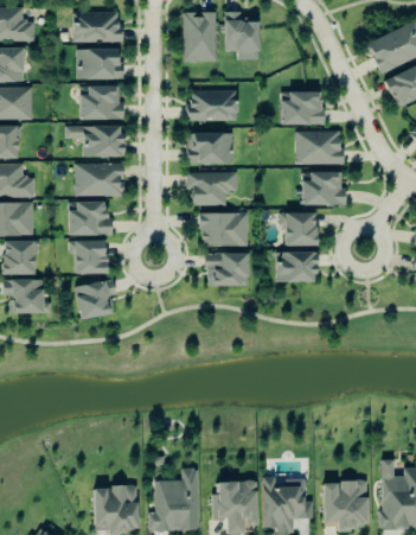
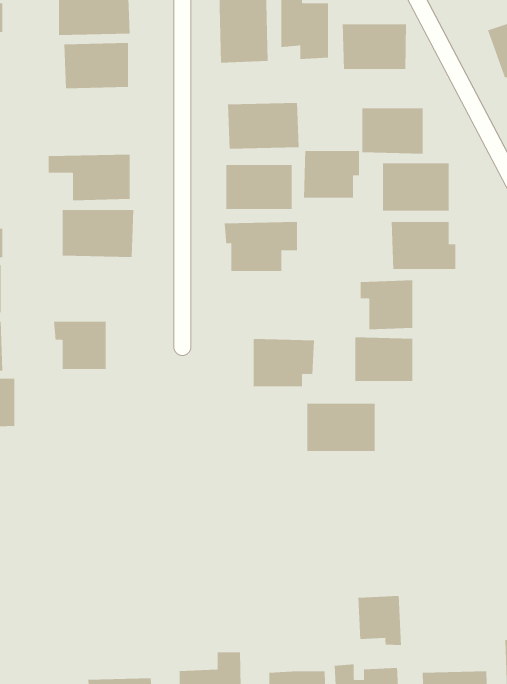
building: none -> [342,24,406,70]
building: [79,85,123,120] -> none
building: none -> [303,150,360,198]
building: [68,202,113,236] -> none
building: [200,214,248,247] -> [307,403,375,452]
building: [75,281,115,319] -> none
building: none -> [358,595,402,646]

